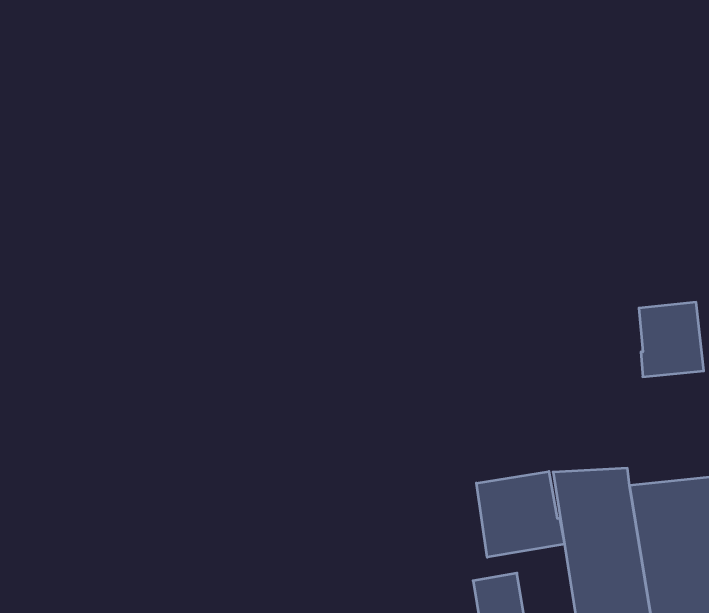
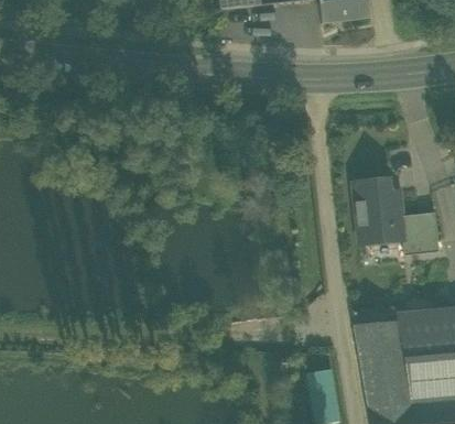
building: none -> [353,178,404,244]
building: [476,471,564,557] -> none

